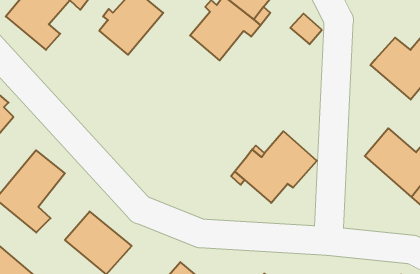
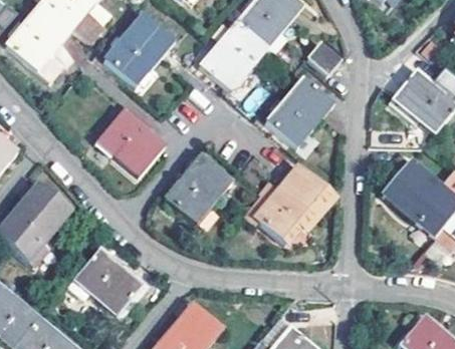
building: none -> [265,76,335,146]
building: none -> [95,105,165,177]
building: none -> [167,153,235,223]

